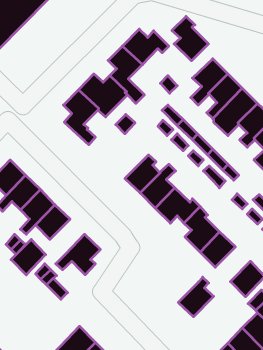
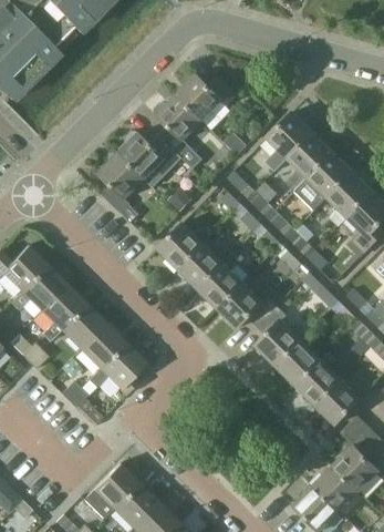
building: [172,16,208,61] -> none
building: none -> [159,223,206,269]
building: [11,239,46,275] -> [81,323,126,369]
building: [178,277,214,317] -> [298,352,344,405]

